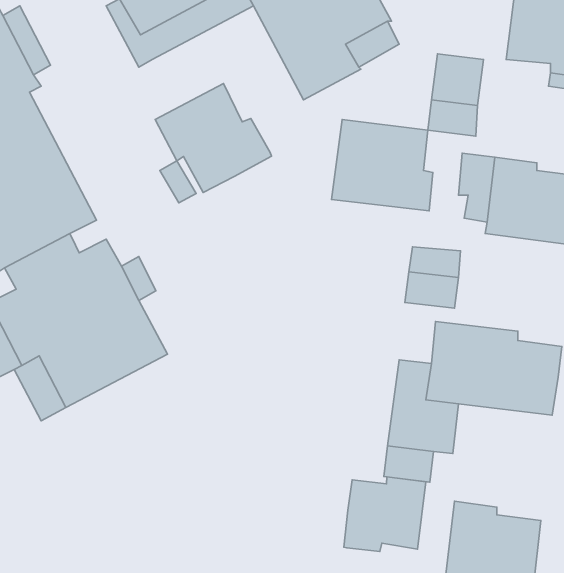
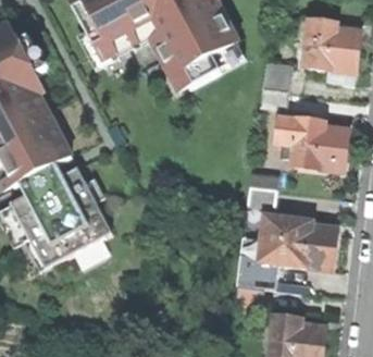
building: [155,83,271,192] -> none
building: [331,120,433,211] -> none
building: [344,477,426,551] -> none

